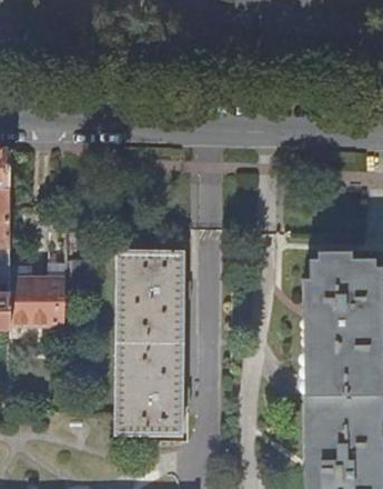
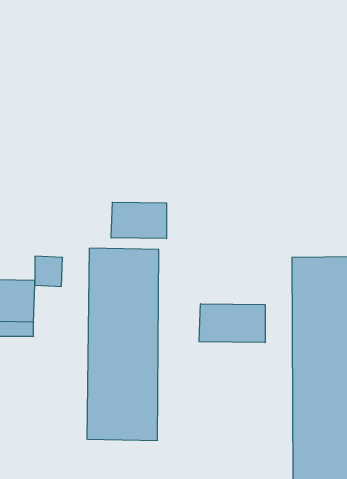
building: none -> [111,202,167,239]
building: none -> [199,304,265,343]

